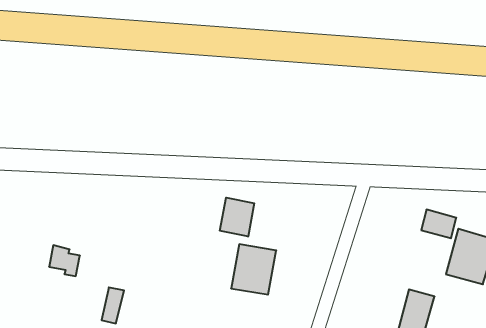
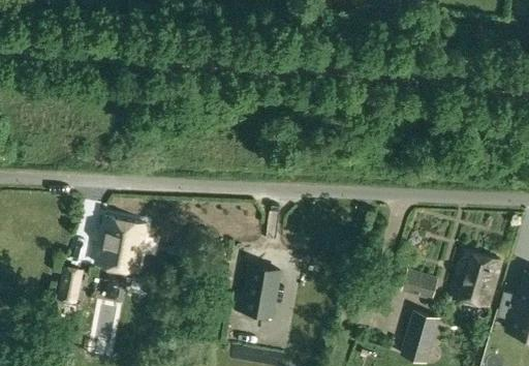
building: none -> [95,215,146,270]
building: [220,198,254,237] -> none
building: [421,210,456,238] -> [402,268,437,297]

